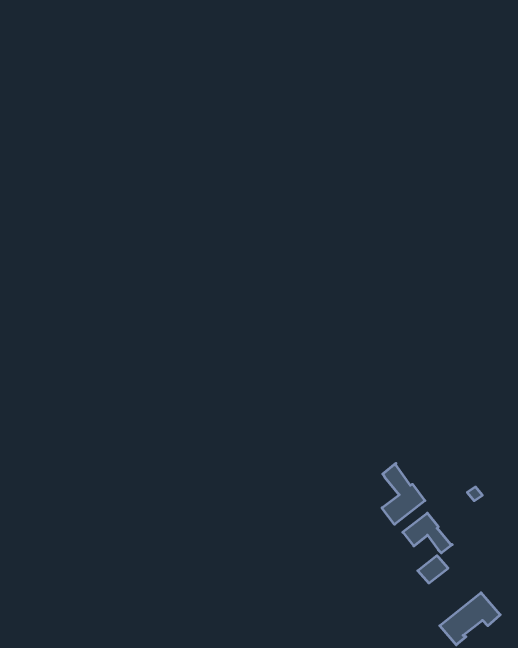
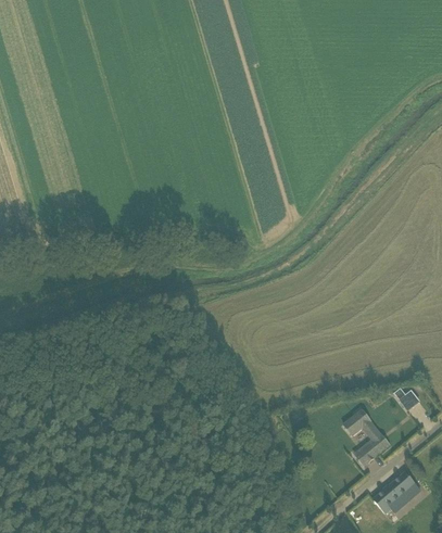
building: [382,463,425,524] -> none

